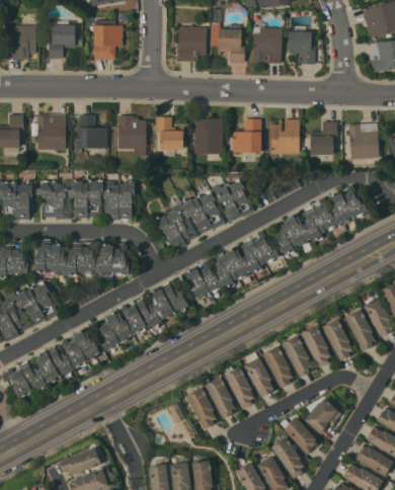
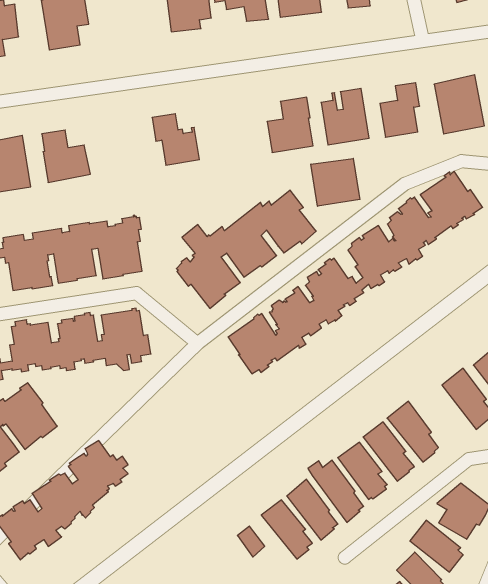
building: [117,115,146,156] -> none
building: [192,118,222,154] -> none
building: none -> [311,158,360,206]
building: [93,281,188,352] -> none
building: [300,325,331,368] -> none

